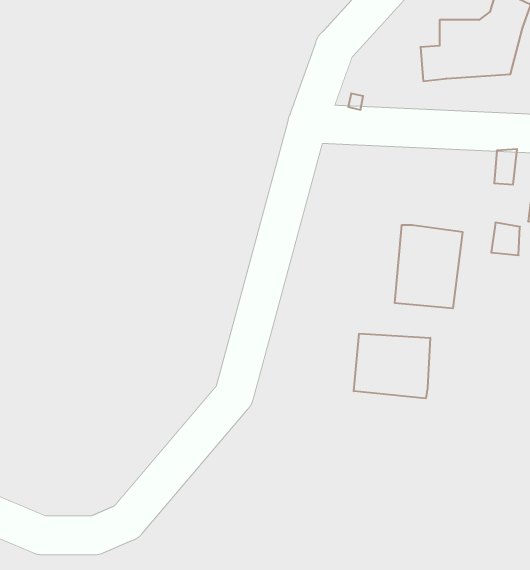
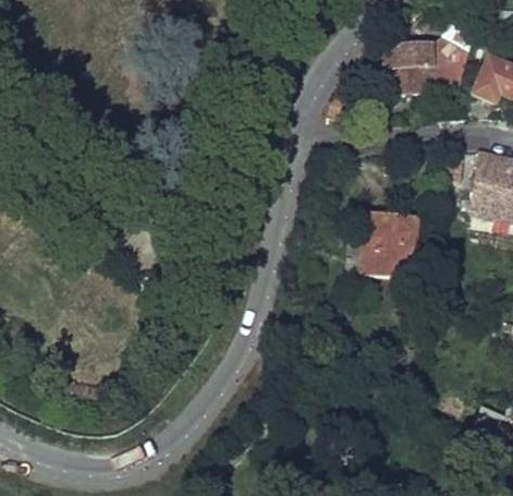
building: [354,334,430,398] -> none

